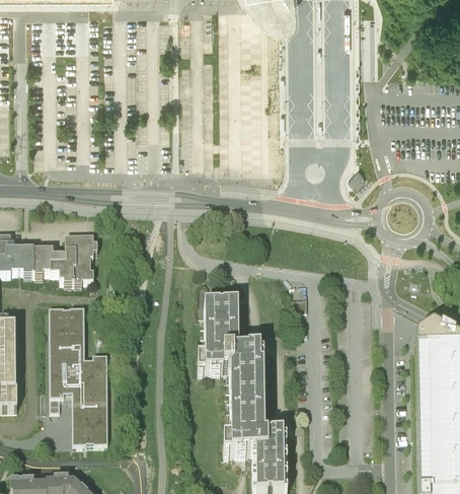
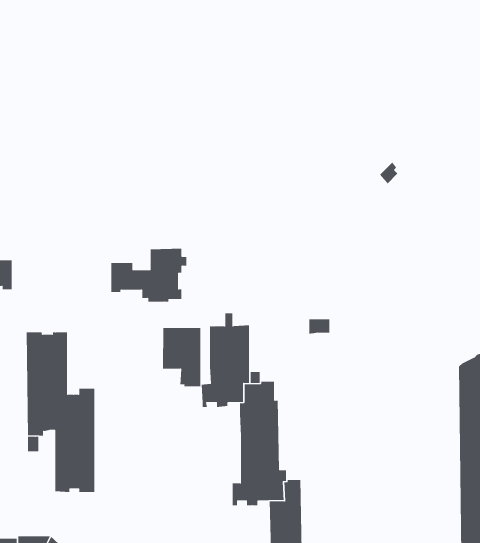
building: [37,234,102,280] -> [110,248,187,302]
building: none -> [163,327,201,387]

